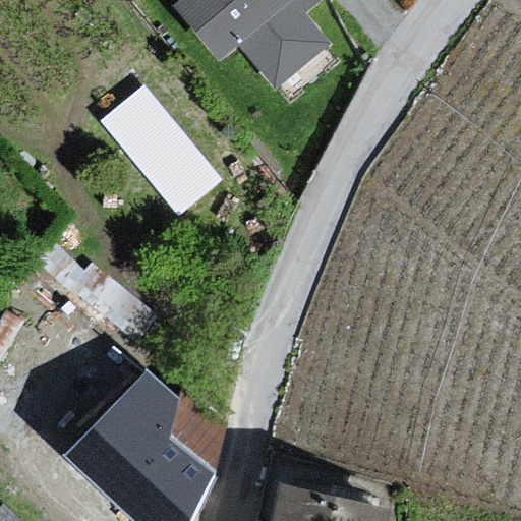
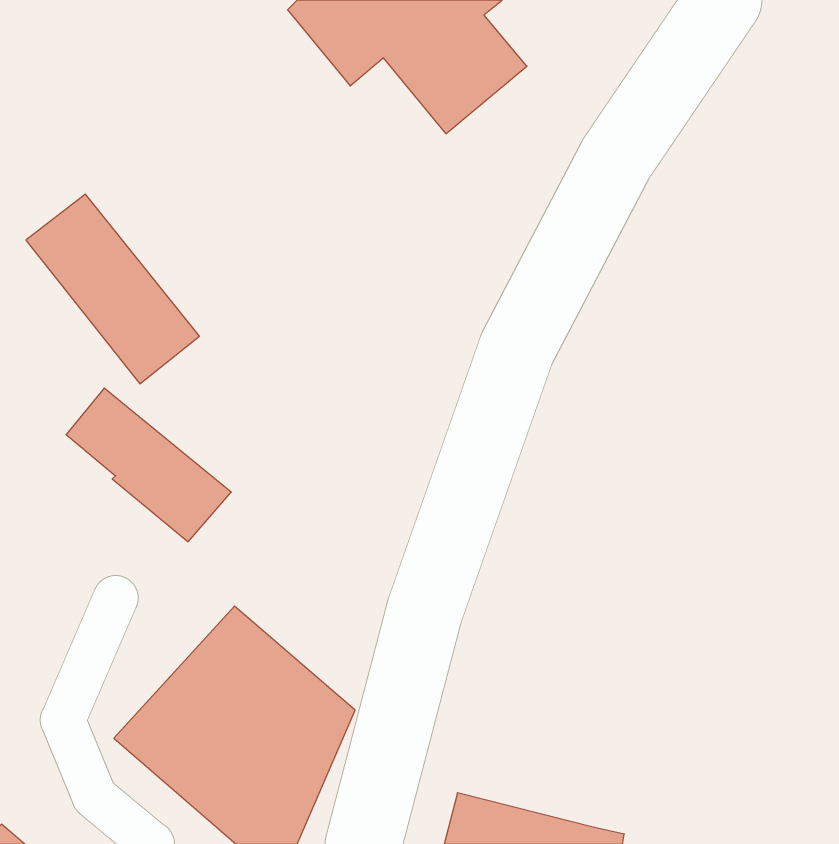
building: [103,91,210,208] -> [26,194,199,384]

